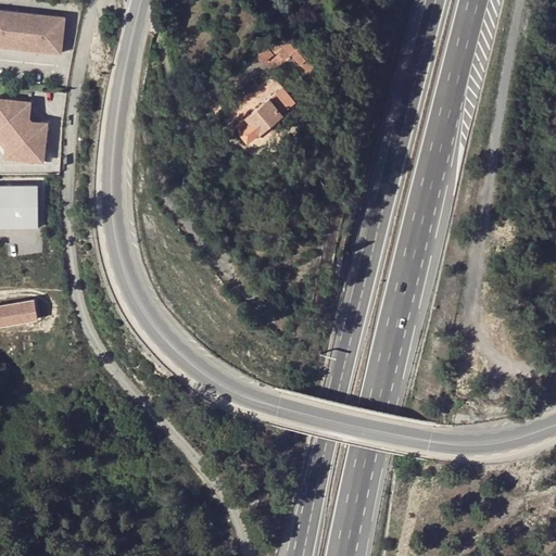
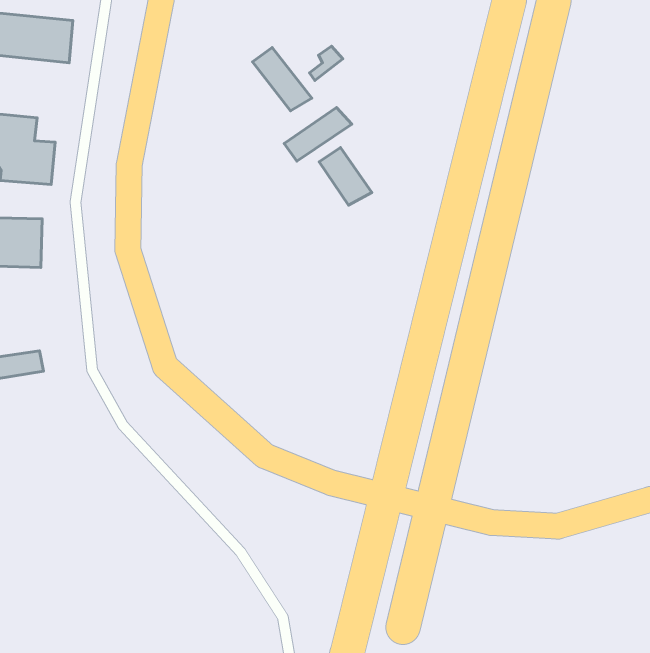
building: none -> [253,47,312,111]
building: none -> [319,148,372,205]

